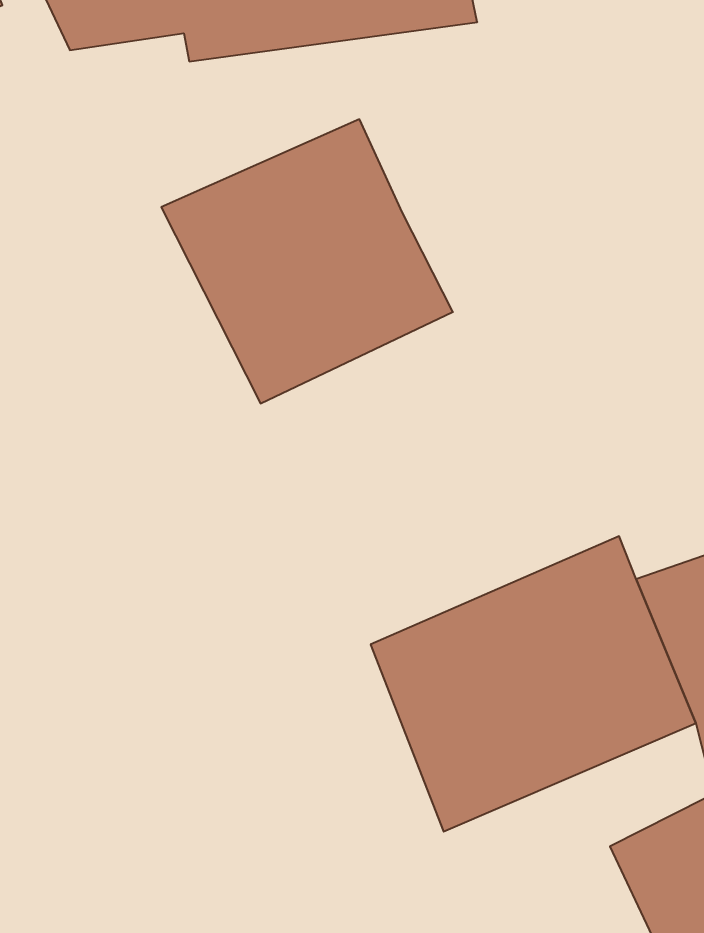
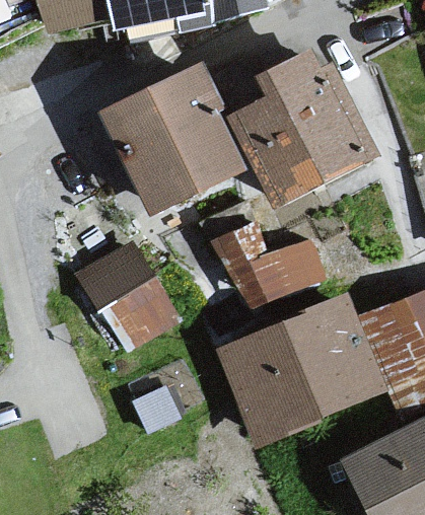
building: none -> [229,50,379,210]
building: none -> [213,204,332,297]
building: none -> [76,220,180,335]

